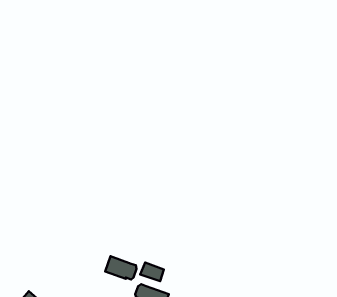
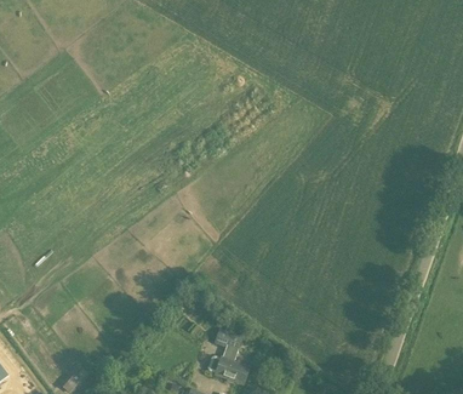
building: [105,256,137,280] -> none

